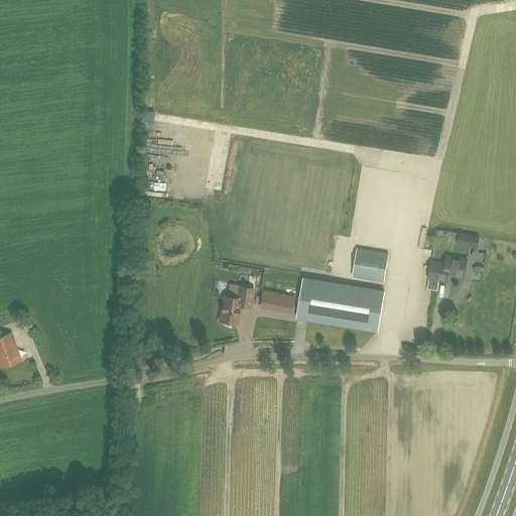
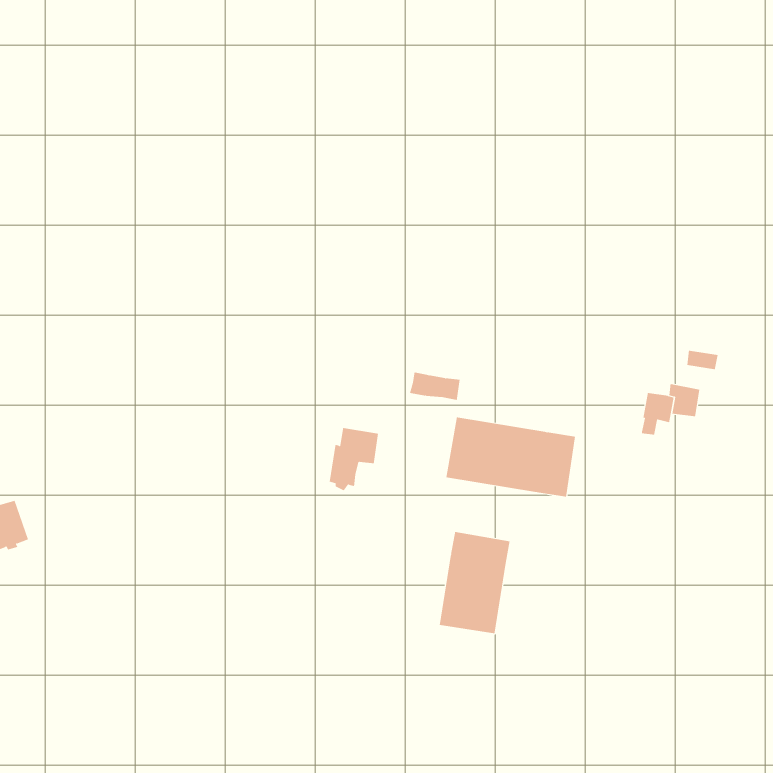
building: [352,249,387,282] -> none
building: [259,292,293,311] -> [409,372,461,401]
building: none -> [439,531,510,634]

